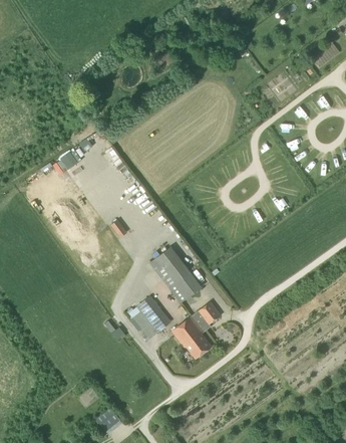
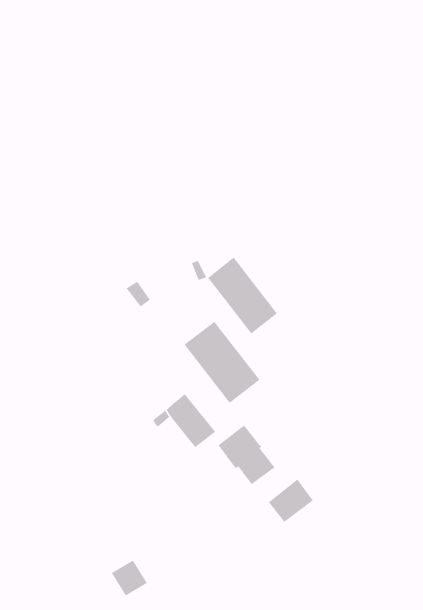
building: none -> [207,257,278,334]
building: [191,300,222,330] -> [268,478,314,523]

